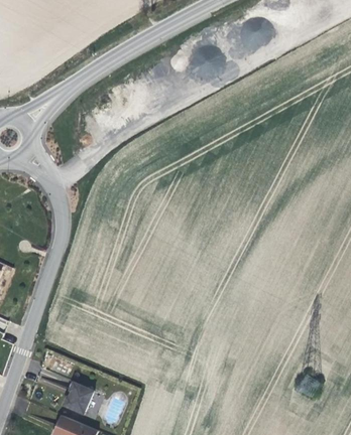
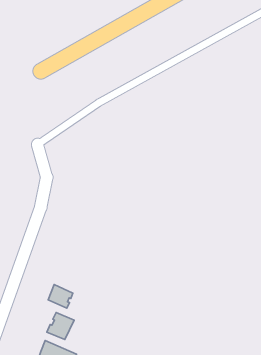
building: none -> [48,285,73,308]

